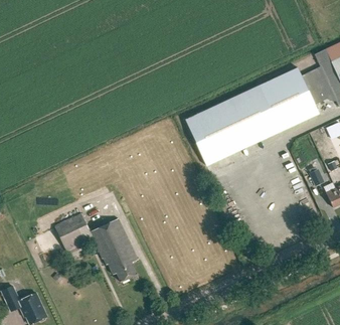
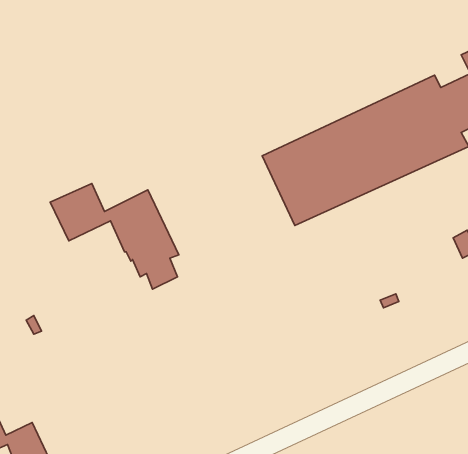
building: [54,213,138,282] -> [50,184,179,289]

